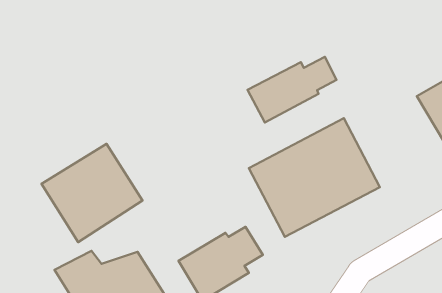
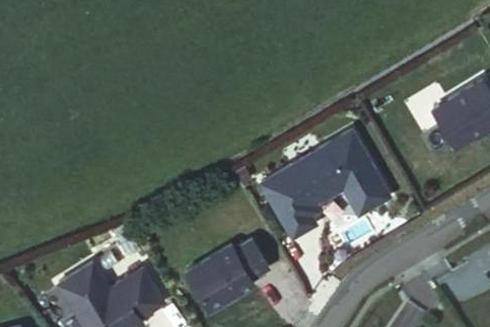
building: [248,57,337,122] -> none
building: [42,144,142,242] -> none

